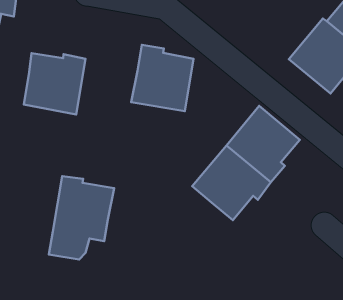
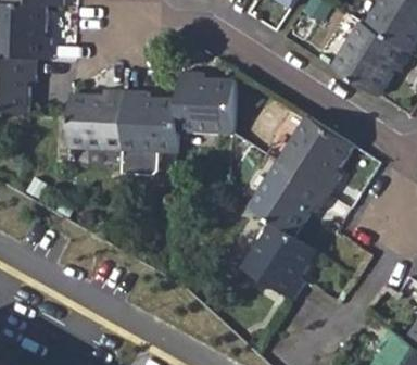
building: [49,176,114,260] -> [121,93,178,176]
building: none -> [243,223,316,301]

